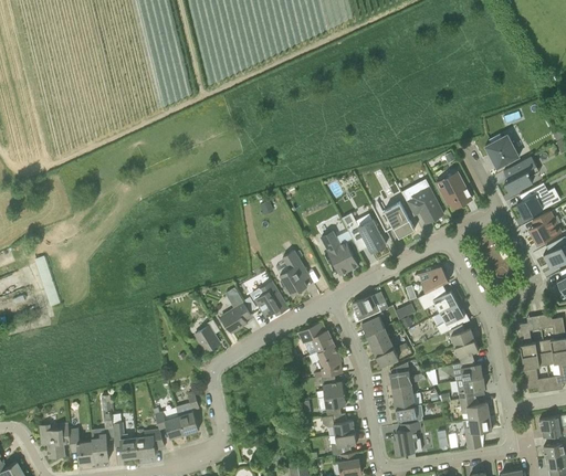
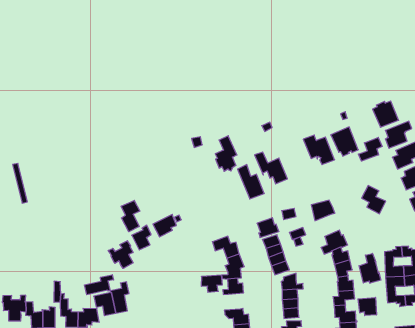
building: none -> [358,137,382,161]
building: [370,201,413,242] -> none
building: [279,250,306,295] -> [215,136,237,171]
building: [251,281,289,317] -> none
building: [417,285,457,313] -> none
building: none -> [121,200,140,232]
building: none -> [359,253,381,283]
building: none -> [108,241,133,268]
building: none -> [358,297,376,316]
building: none -> [85,275,114,295]
building: [317,393,345,416] -> [201,275,222,292]

